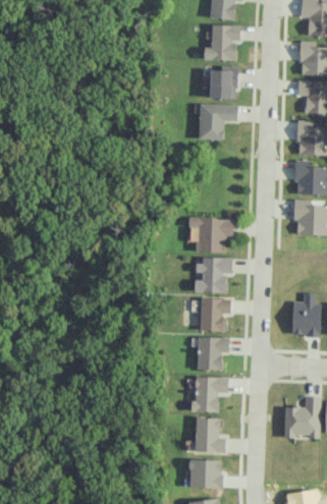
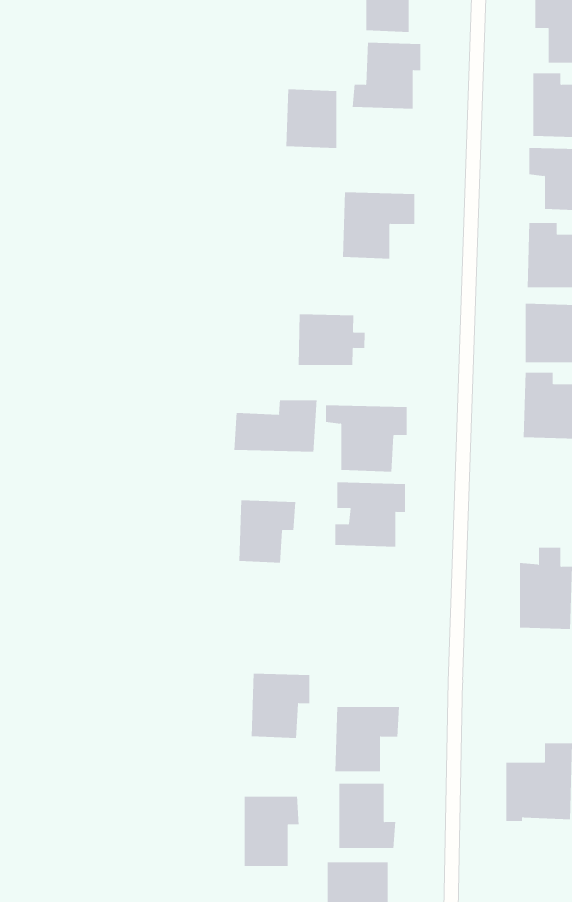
building: [209,67,236,99] -> [285,89,337,149]
building: none -> [298,313,365,366]
building: none -> [234,400,317,452]
building: [200,297,230,331] -> [239,500,296,563]
building: [197,336,228,371] -> [251,673,310,738]
building: none -> [244,796,299,867]

